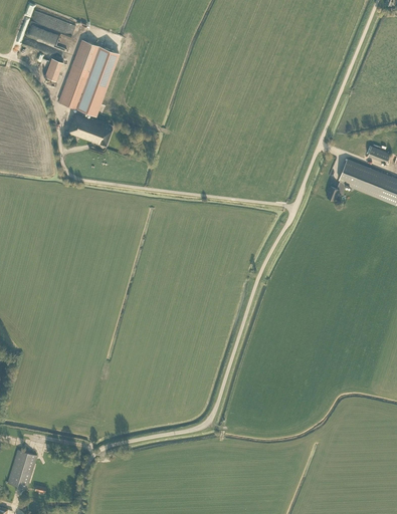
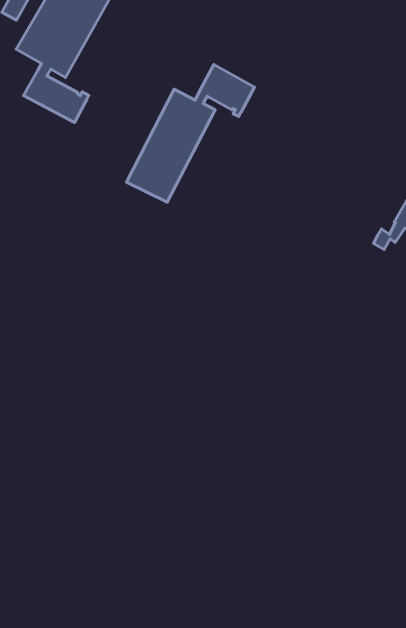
building: none -> [127,64,255,202]

